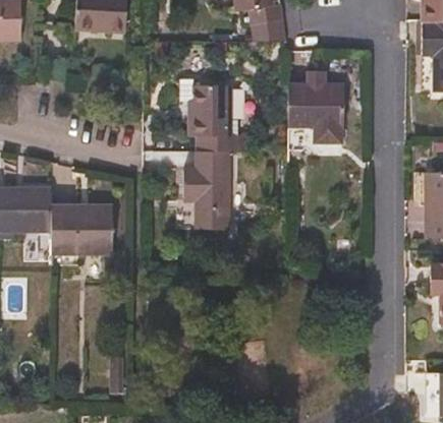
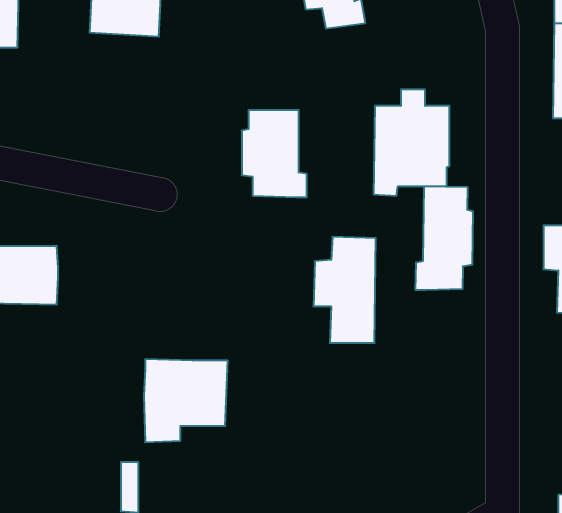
building: none -> [416,186,473,290]
building: [182,149,229,229] -> [313,237,376,343]
building: [50,203,113,265] -> [144,359,228,442]

